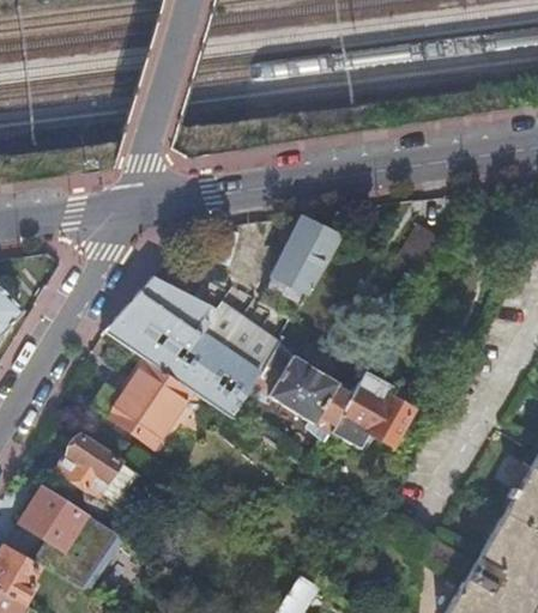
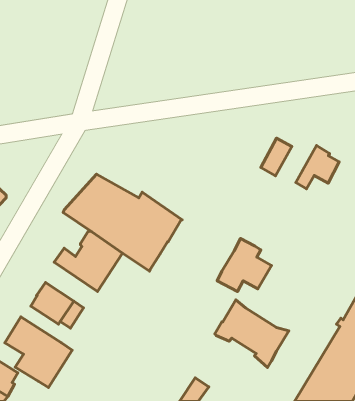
building: [261,223,337,316] -> none
building: none -> [296,146,339,189]
building: [248,342,357,442] -> [215,300,289,367]

